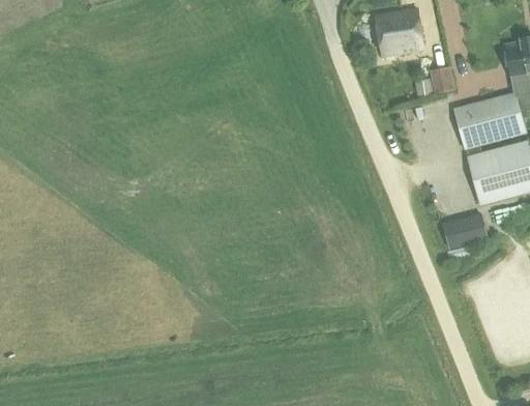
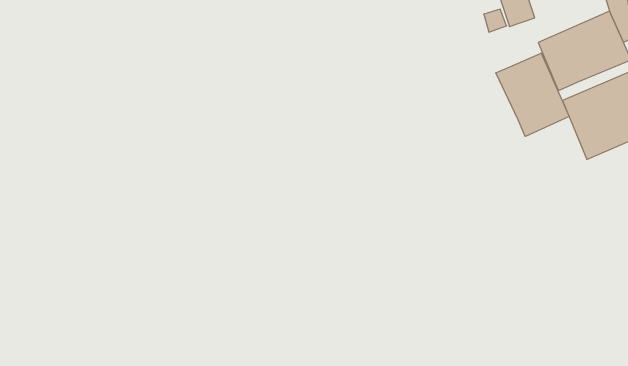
building: none -> [496,53,569,136]
building: [443,212,489,250] -> none

